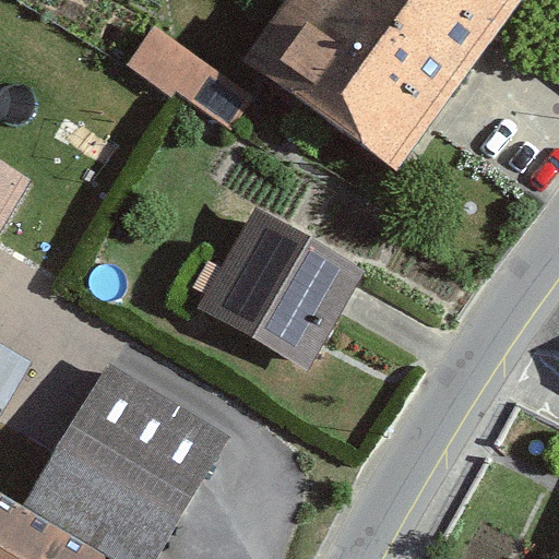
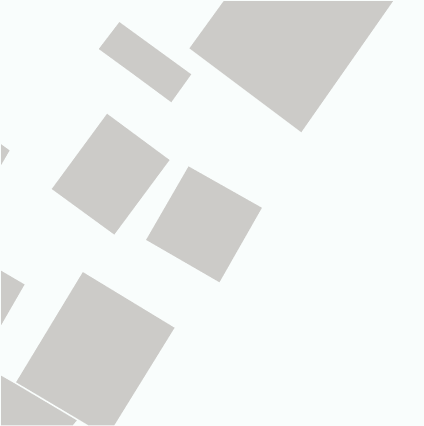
building: none -> [51,112,171,236]

